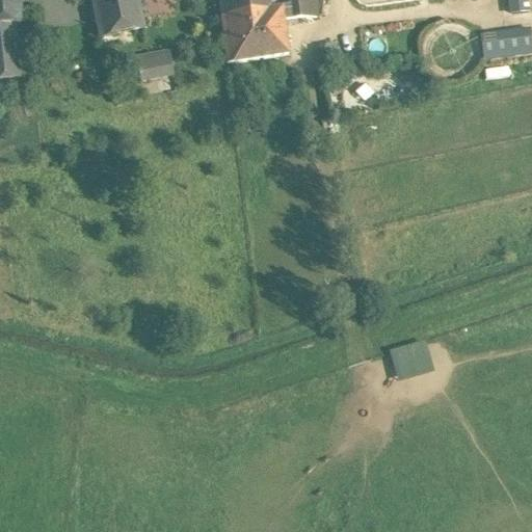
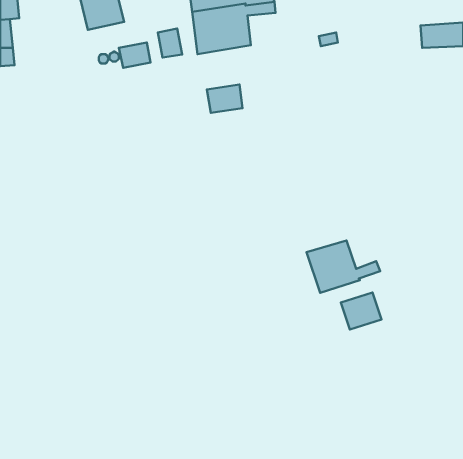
building: none -> [158,29,182,58]
building: none -> [207,85,242,113]
building: none -> [307,241,380,293]

